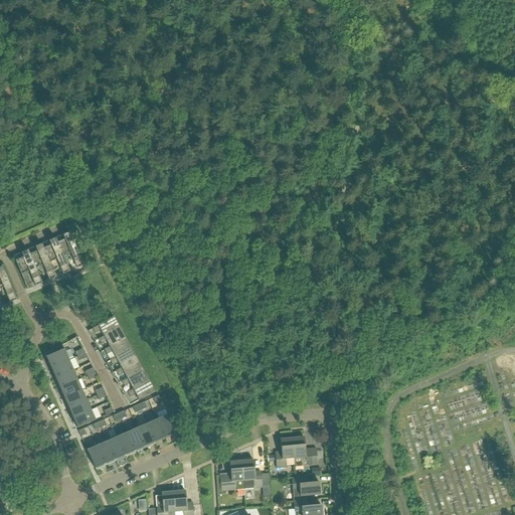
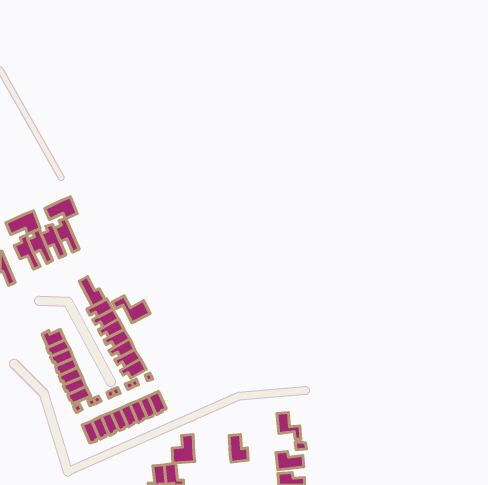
building: none -> [45,197,77,219]
building: none -> [6,211,40,235]
building: none -> [79,276,105,306]
building: none -> [112,296,150,323]
building: [275,436,294,466] -> none
building: [219,459,243,489] -> [172,435,195,463]

